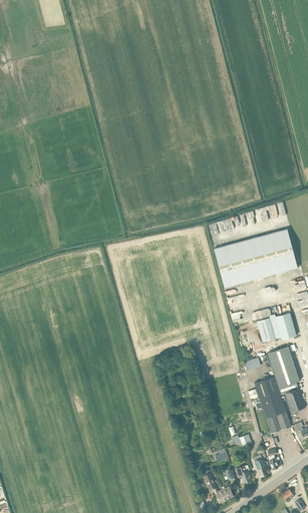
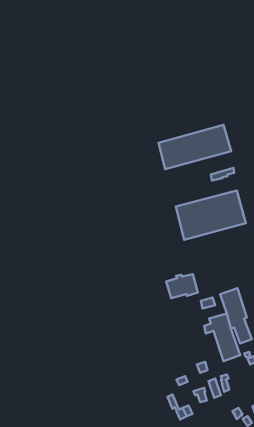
building: none -> [158,125,231,169]
building: [257,313,295,342] -> [166,274,198,298]

